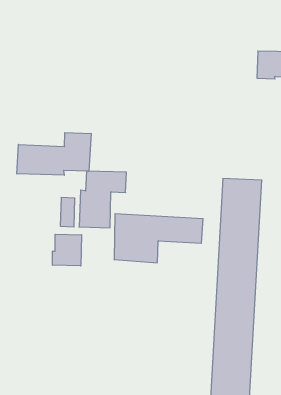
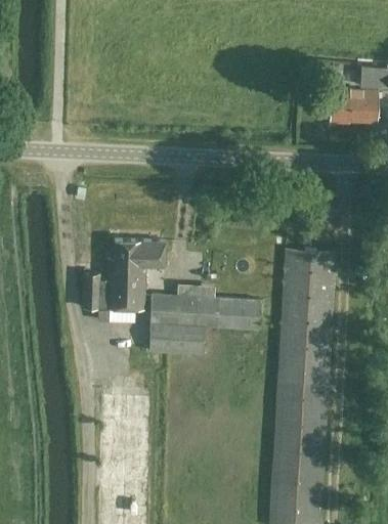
building: [17,133,91,175] -> none
building: [53,234,82,266] -> none

